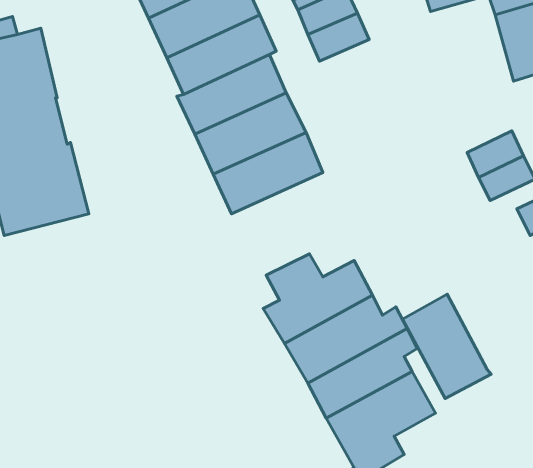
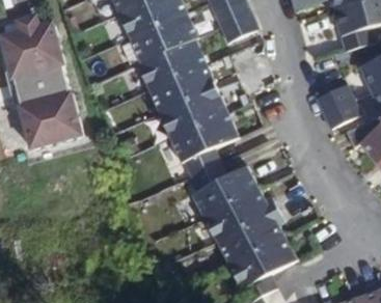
building: none -> [169,110,238,174]
building: [402,294,491,399] -> none

